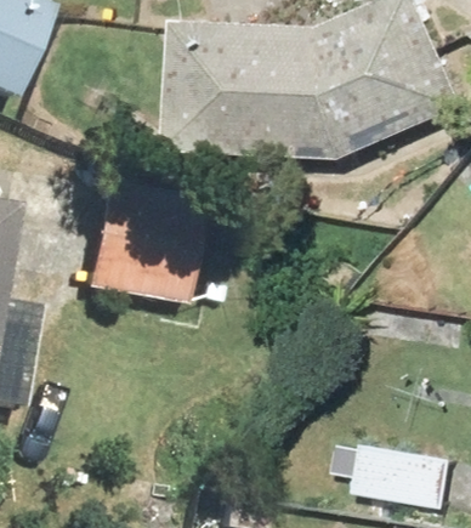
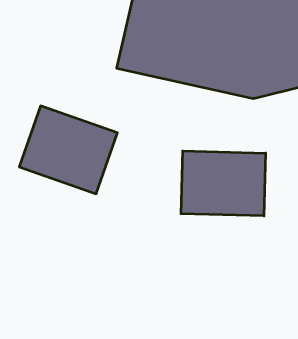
building: none -> [181,151,266,216]

